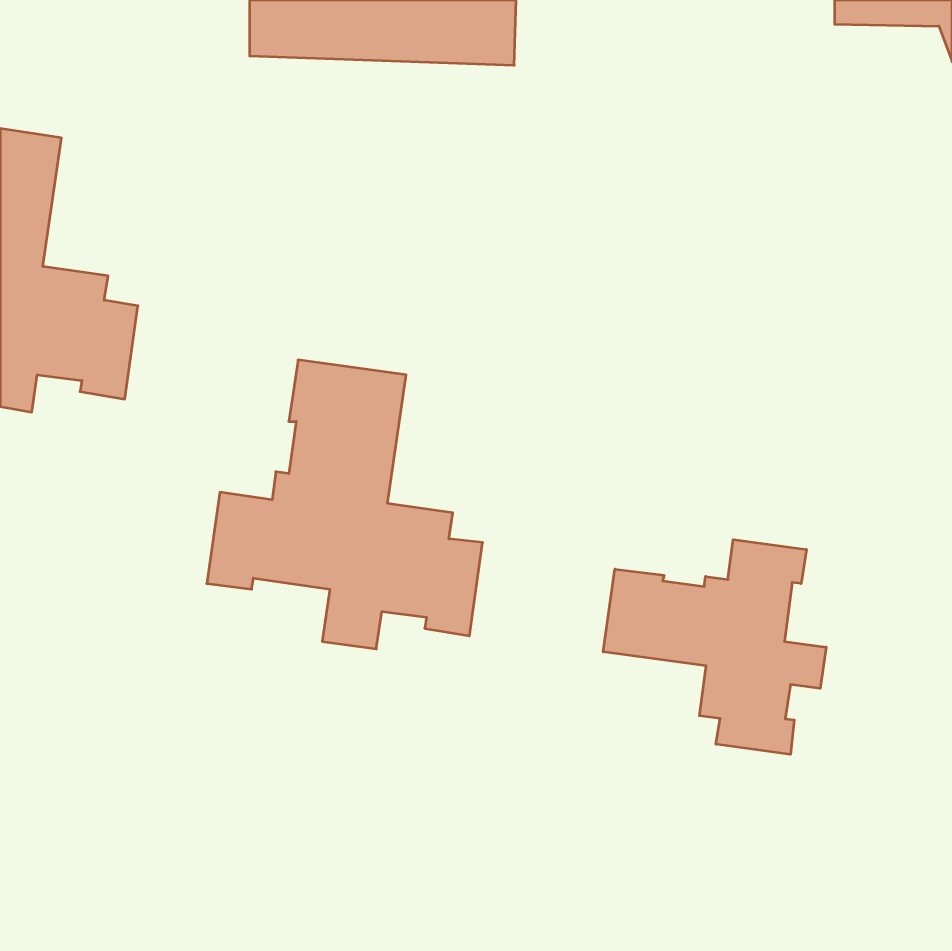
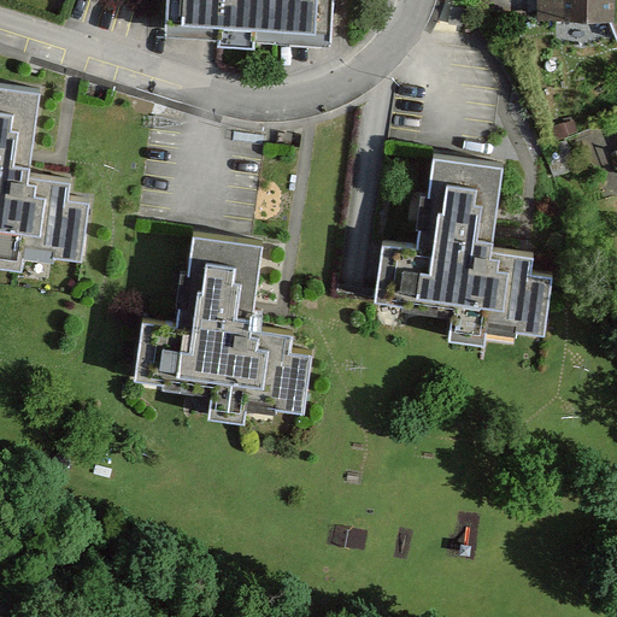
building: none -> [375,154,553,342]
building: [603,540,826,754] -> none

